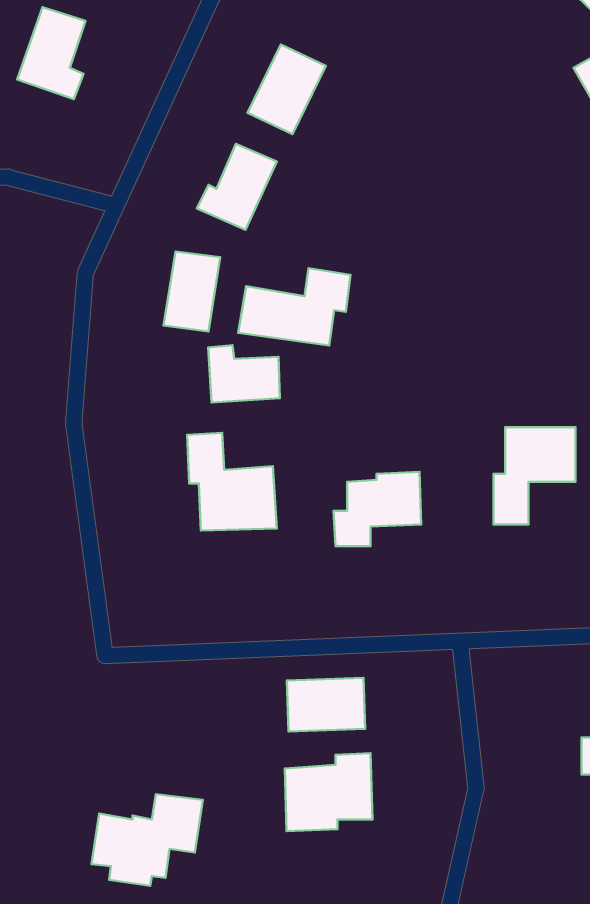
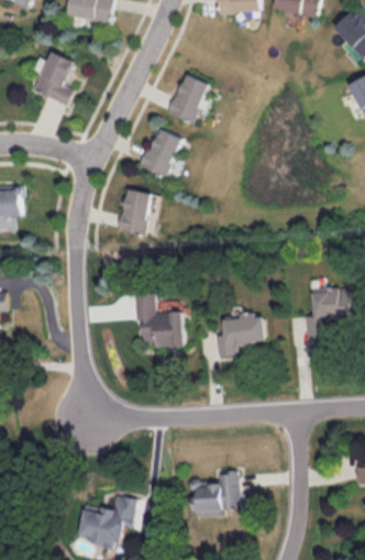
building: [238,268,351,346] -> none
building: [208,345,280,403] -> none
building: [287,678,365,732] -> none

